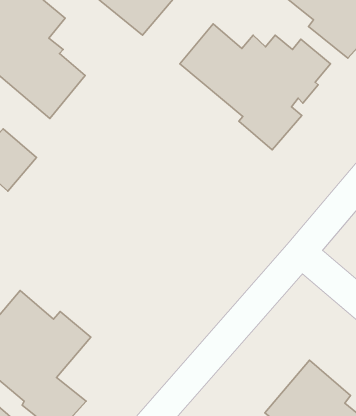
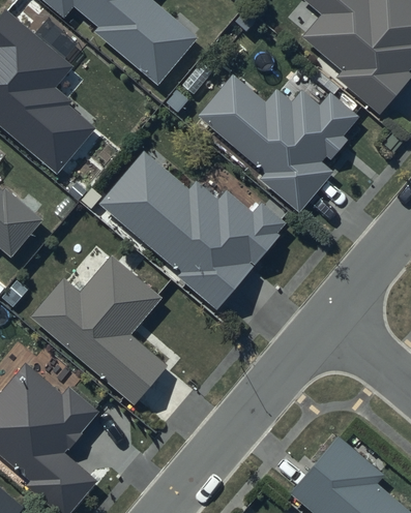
building: none -> [99,152,288,308]
building: none -> [30,256,168,405]

